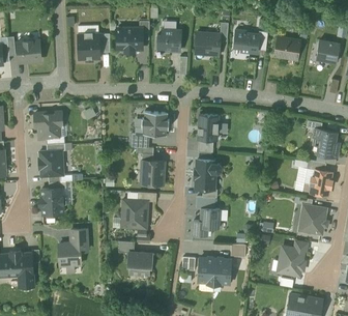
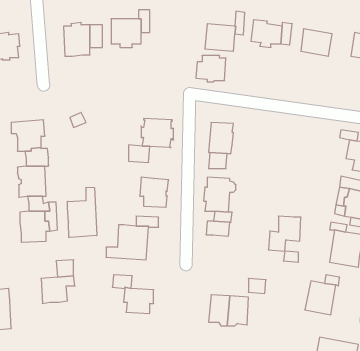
building: [156,29,181,51] -> [196,56,226,82]
building: none -> [67,187,97,237]
building: [193,207,220,236] -> [268,216,301,251]

